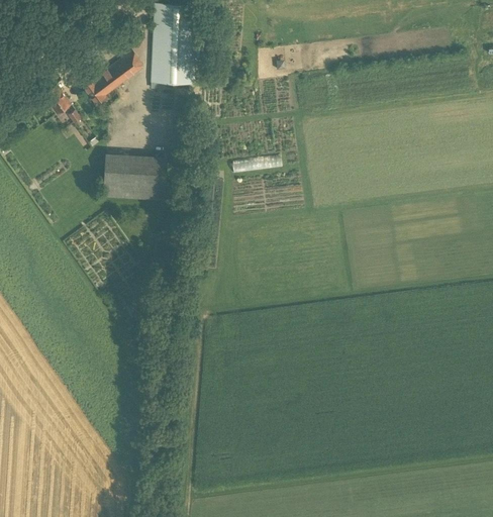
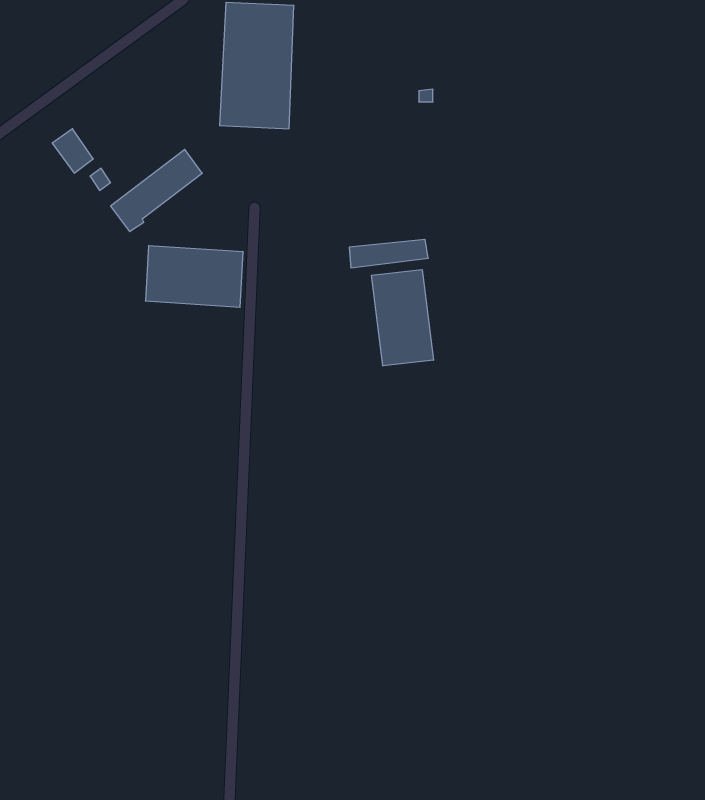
building: [84,51,142,104] -> [111,149,202,232]
building: none -> [372,270,433,366]

